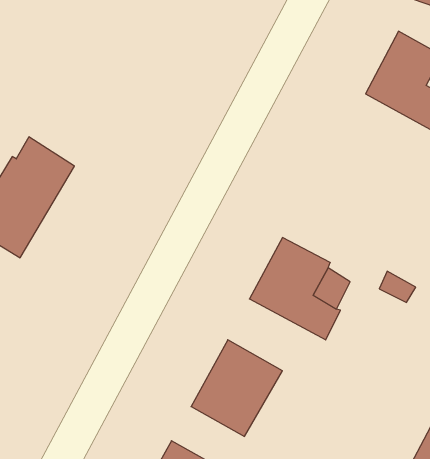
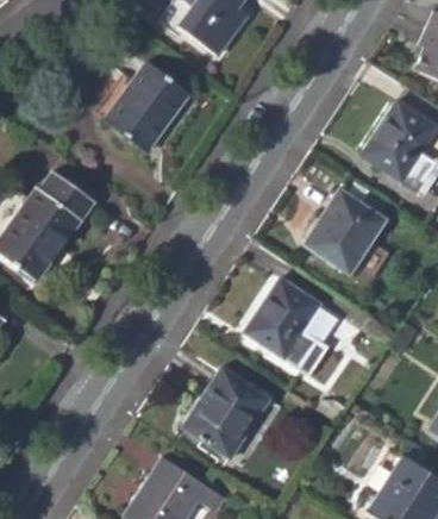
building: none -> [106,58,192,149]
building: none -> [305,188,384,273]

